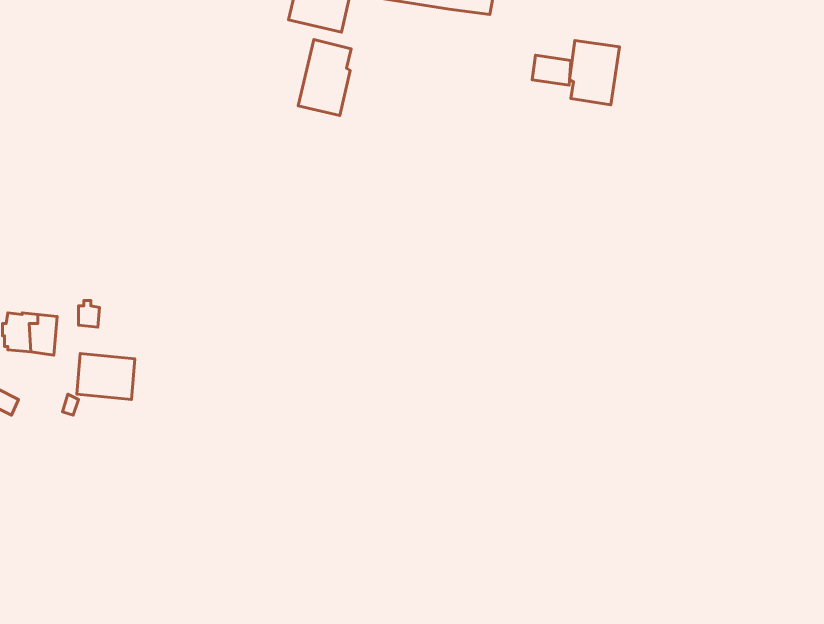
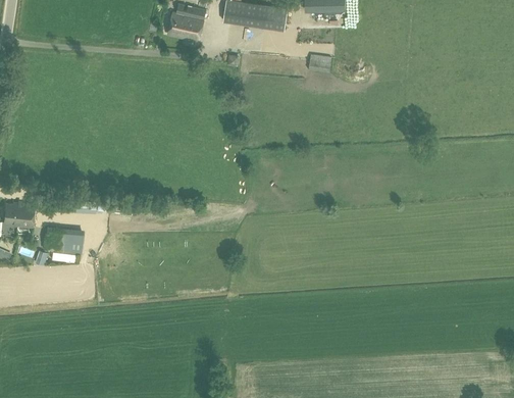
building: [298,40,351,115] -> none
building: [569,40,619,105] -> none

